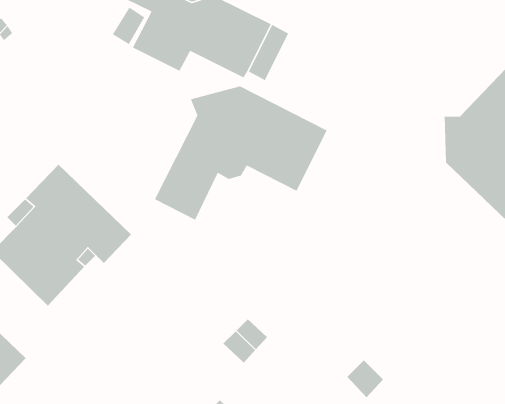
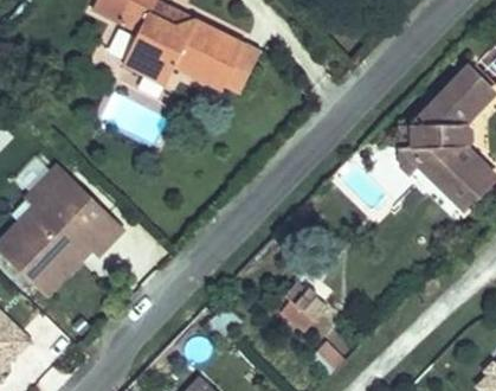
building: [154,85,328,221] -> none
building: none -> [281,281,326,331]

